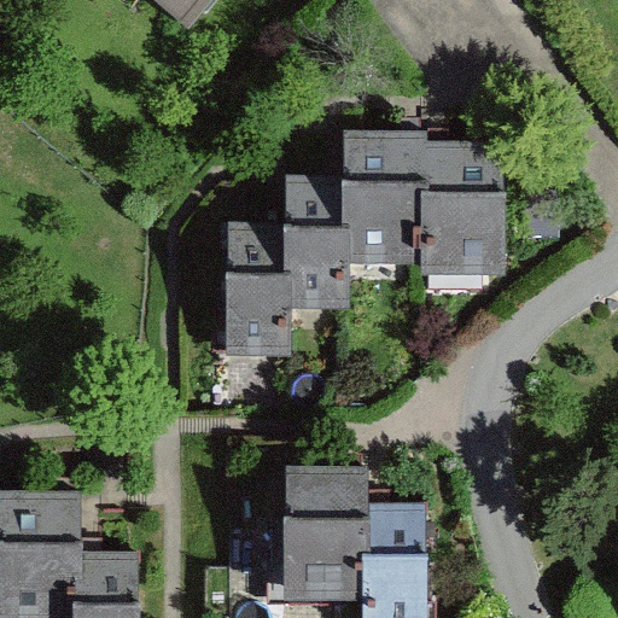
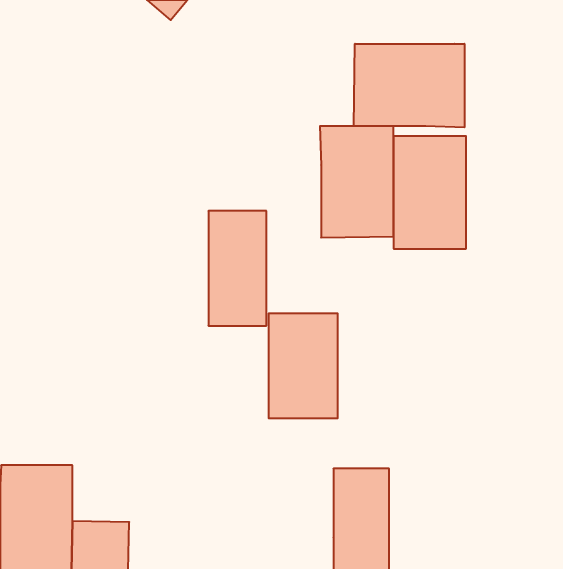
building: none -> [354,44,464,127]
building: [288,180,348,304] -> none
building: [286,470,361,583] -> [269,313,338,418]

